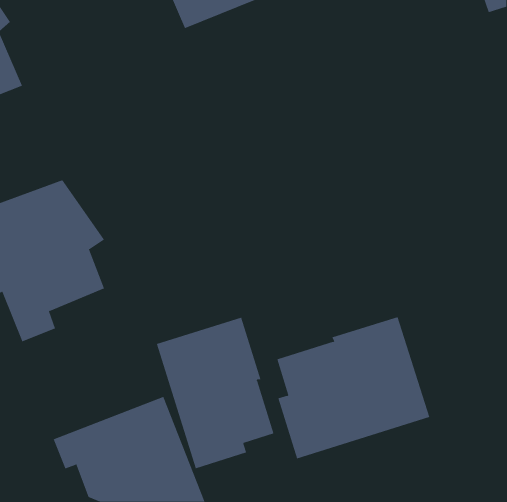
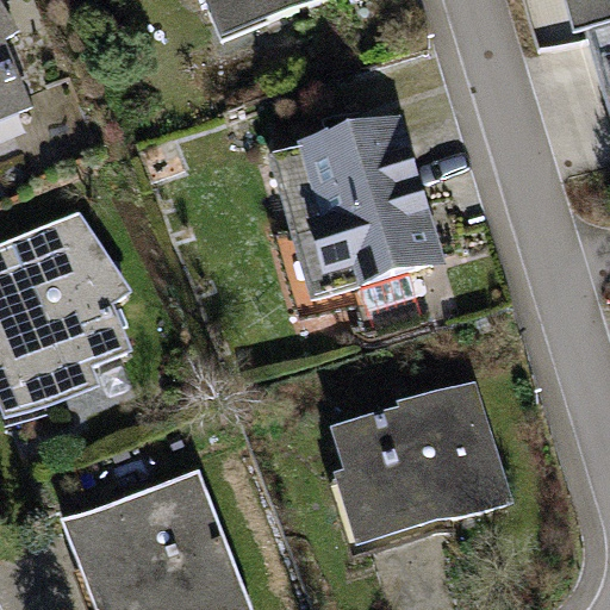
building: none -> [267,113,443,305]
building: [156,317,274,469] -> none

